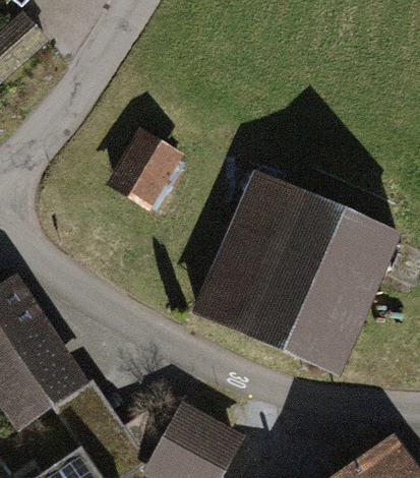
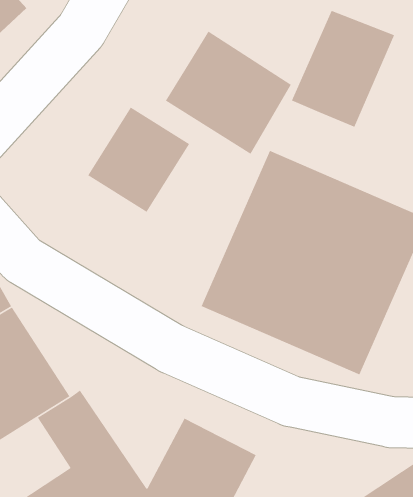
building: none -> [291,10,395,128]
building: none -> [165,31,292,155]

